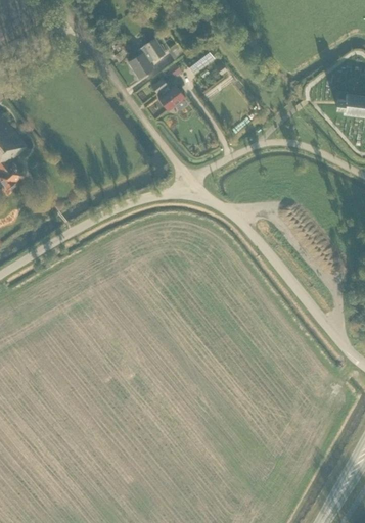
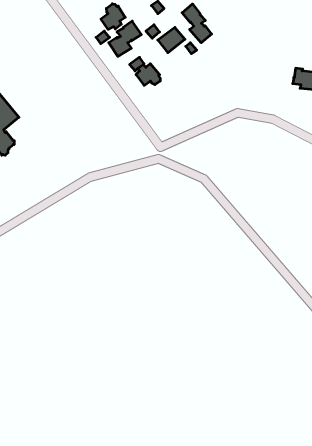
building: none -> [101,4,125,29]
building: none -> [182,4,212,43]

